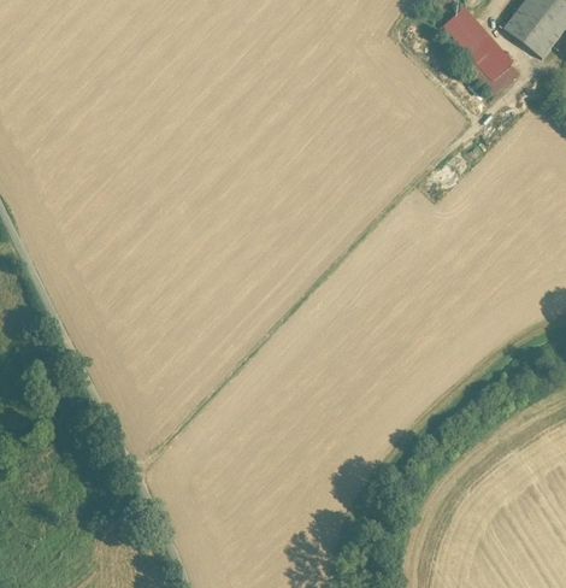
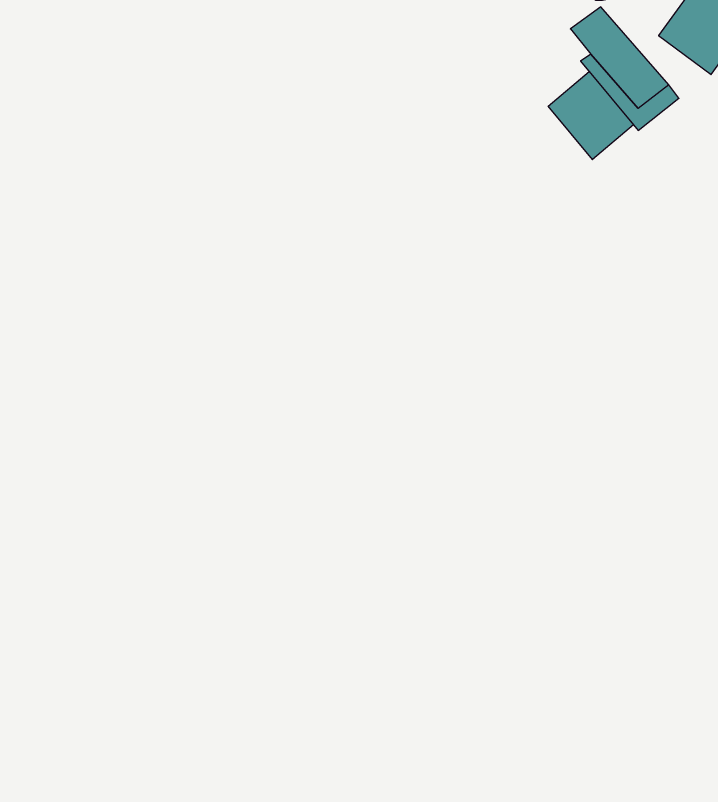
building: none -> [548,71,634,160]

